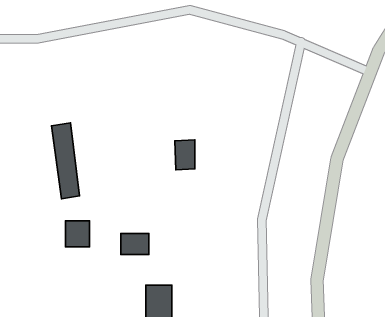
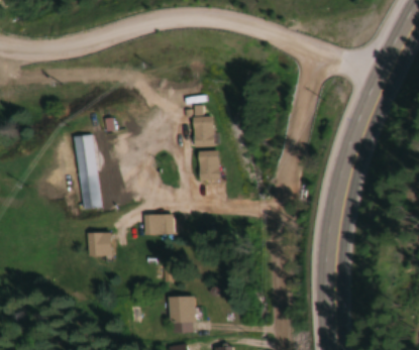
building: none -> [194,116,214,147]
building: [121,233,149,254] -> [146,215,175,236]

